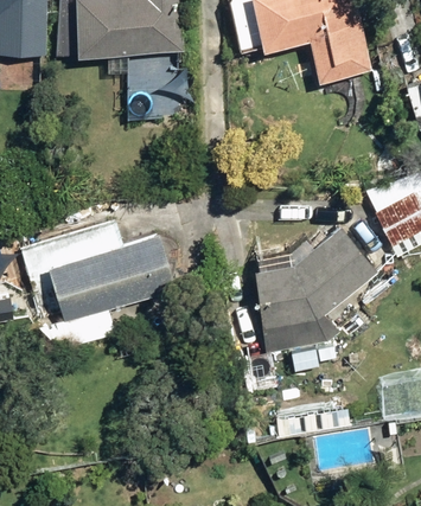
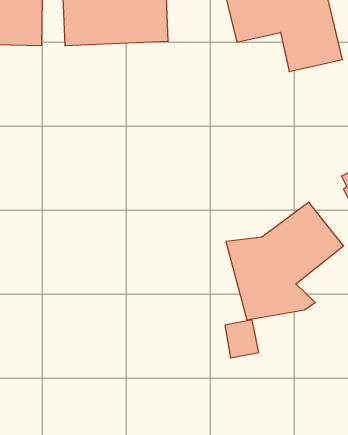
building: [45,235,172,357] -> none

